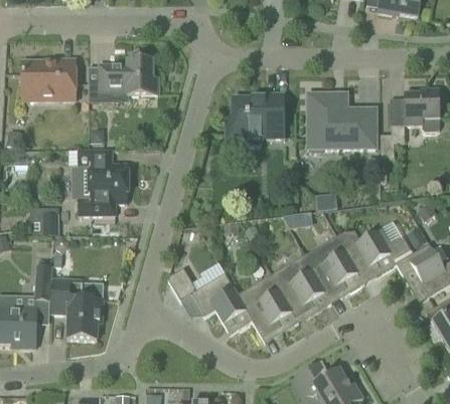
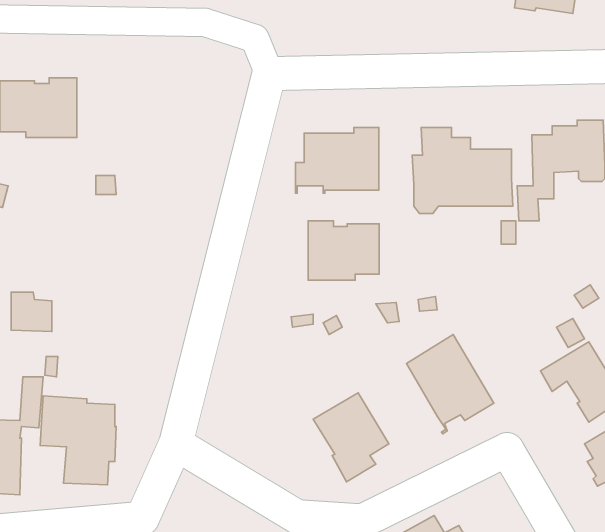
building: [100,58,158,94] -> none
building: [71,149,127,215] -> none
building: none -> [308,221,379,280]
building: [335,226,412,283] -> none
building: [270,256,324,324] -> none
building: [168,267,254,329] -> none

